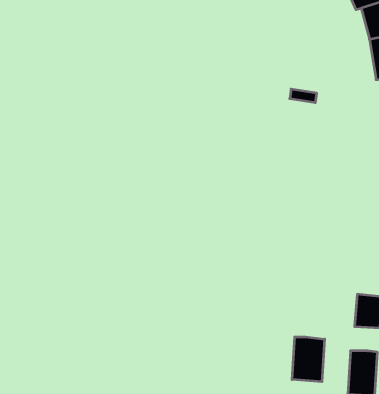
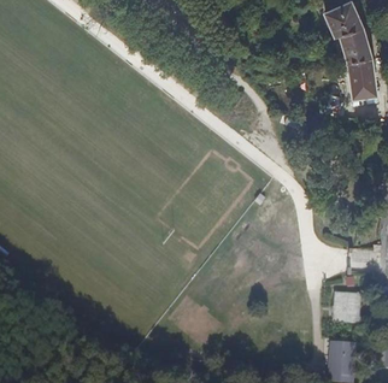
building: [292,337,325,382] -> none

